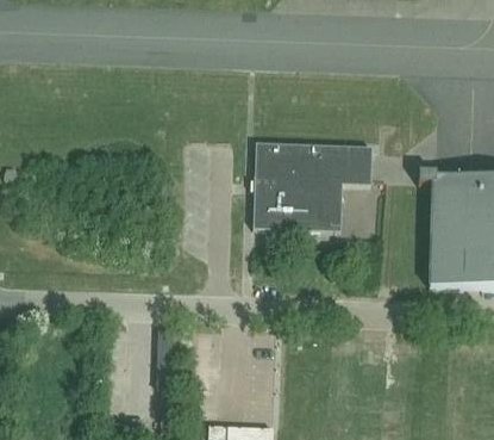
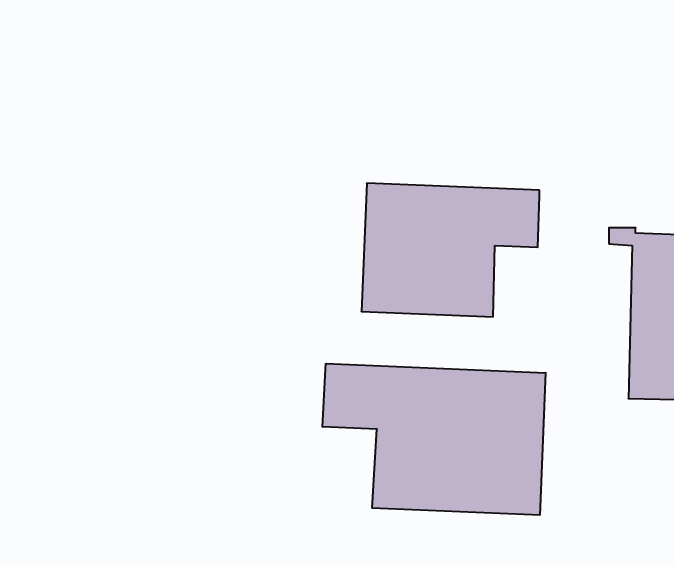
building: none -> [323,364,546,515]

